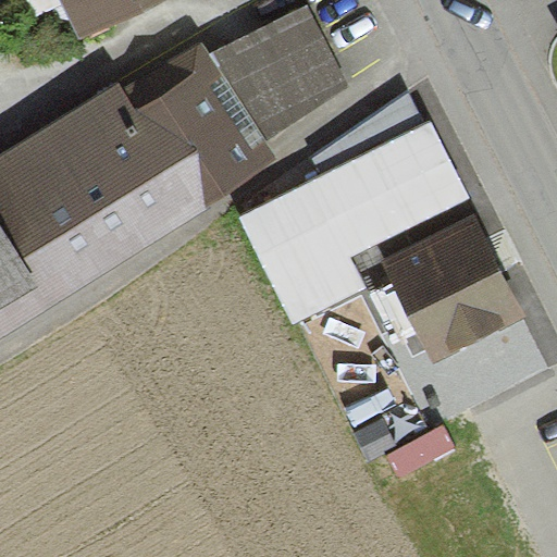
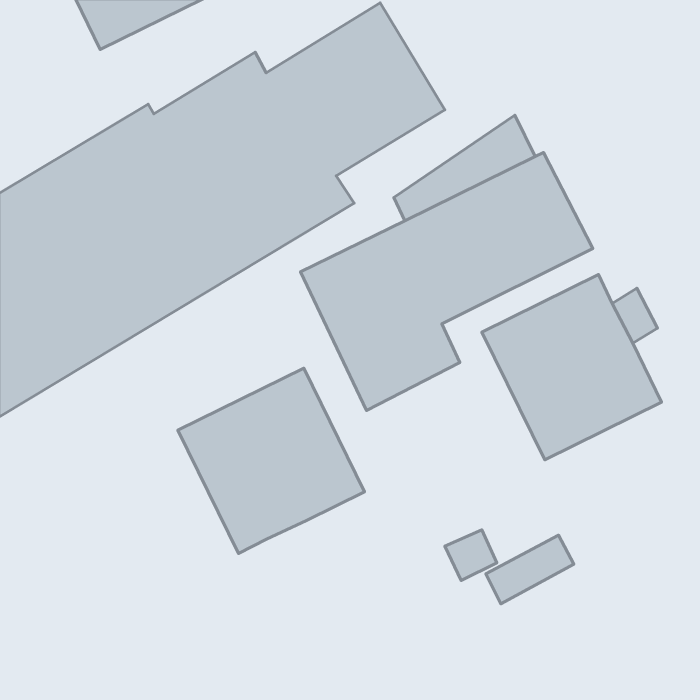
building: none -> [178,368,364,554]

